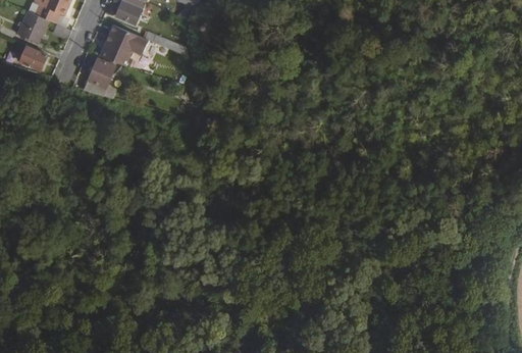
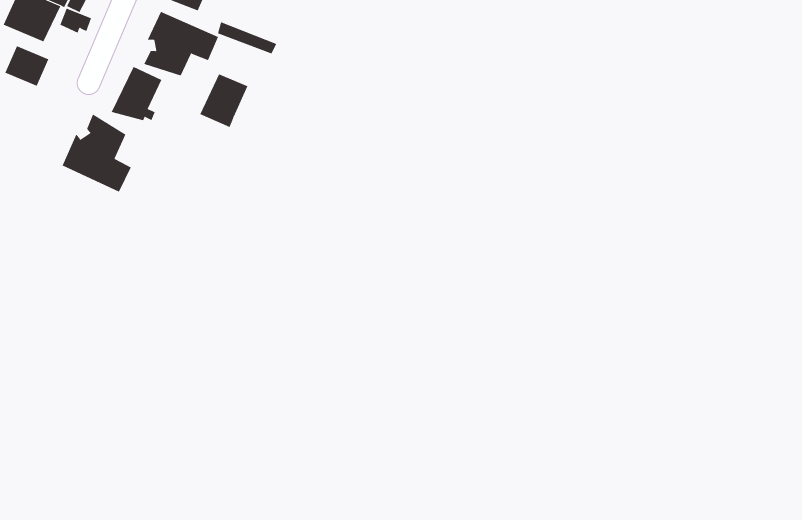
building: none -> [200,74,248,128]
building: none -> [62,113,132,193]

